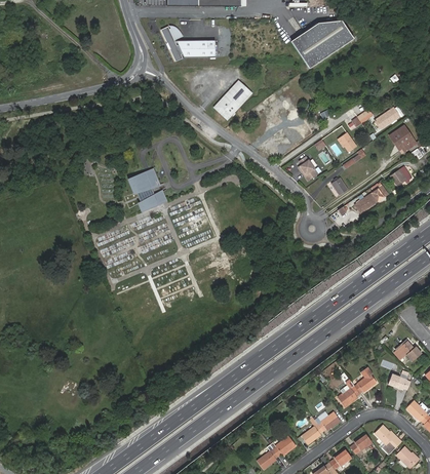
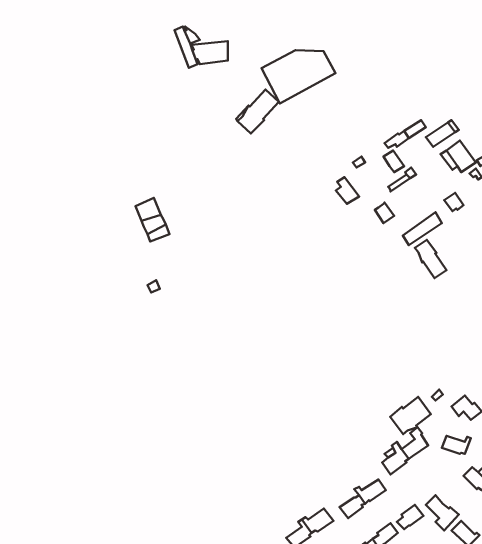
building: [294,22,356,67] -> [262,50,336,104]
building: none -> [415,240,446,278]
building: none -> [390,397,431,434]

